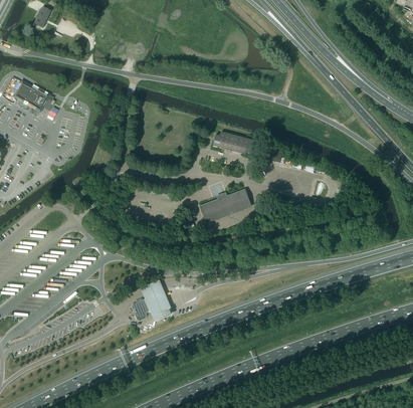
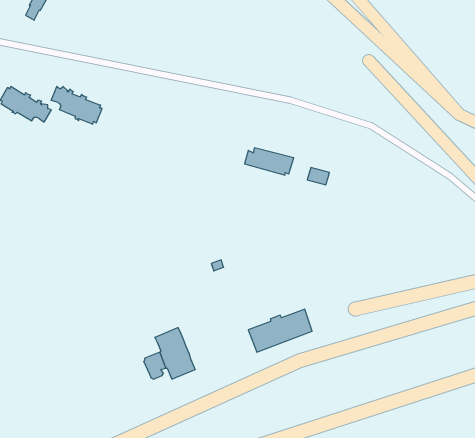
building: none -> [51,86,102,124]
building: [199,188,251,223] -> [248,309,312,352]

